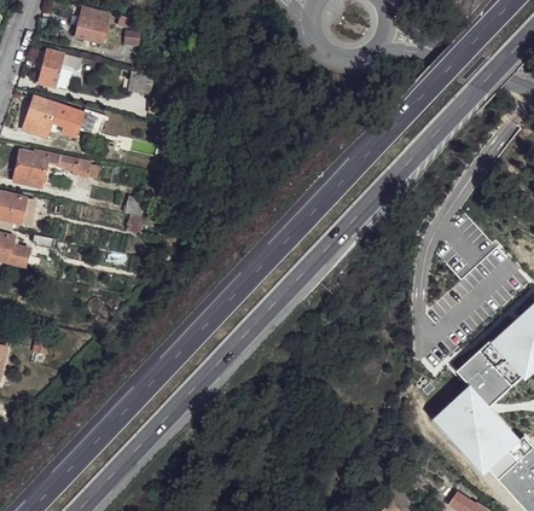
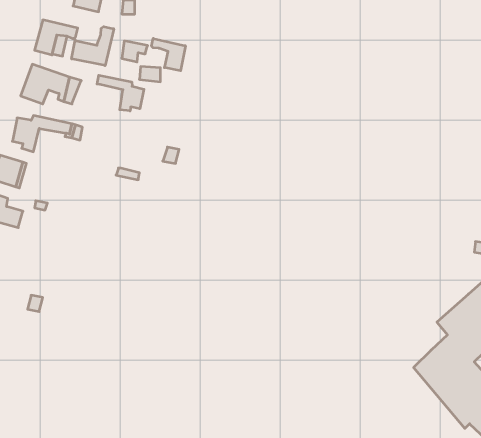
building: none -> [72,27,114,66]
building: none -> [152,38,185,71]
building: none -> [97,75,144,111]

